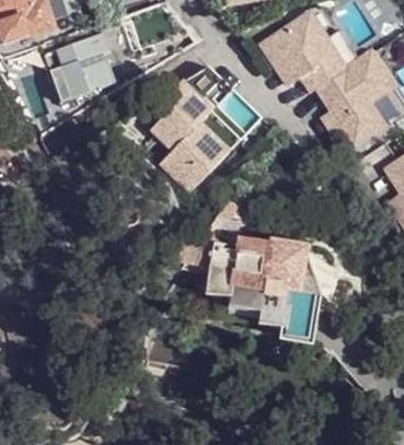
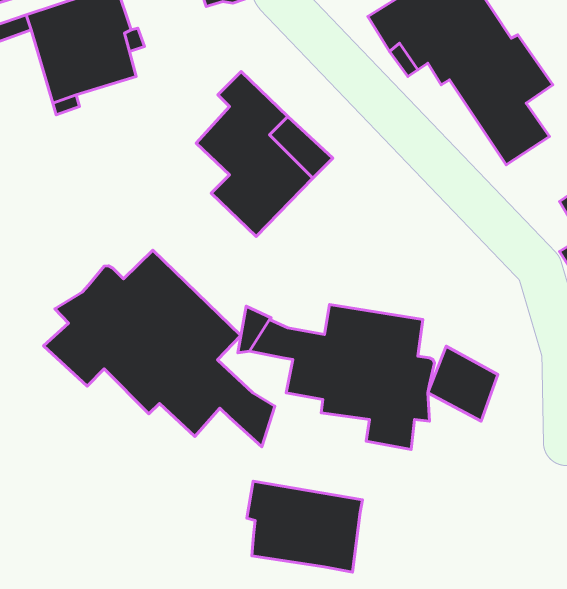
building: none -> [44,250,275,447]
building: none -> [247,481,362,572]

